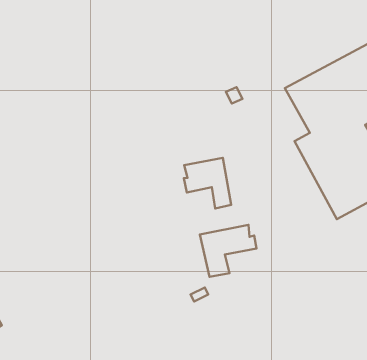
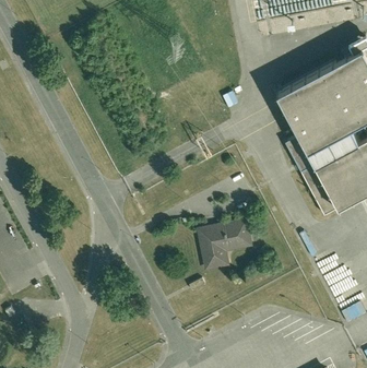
building: [184,158,231,208] -> none

